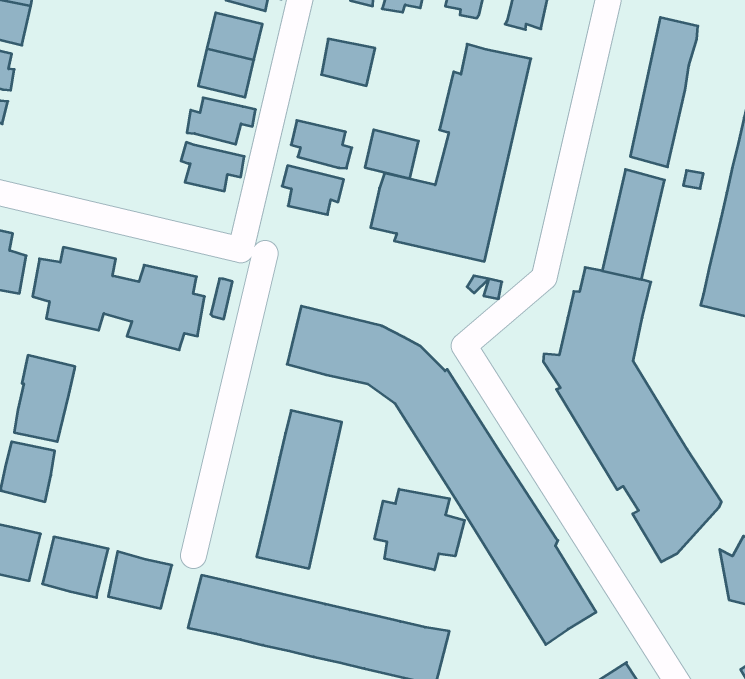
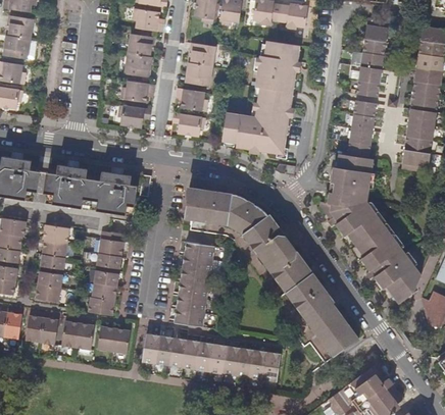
building: [365,130,419,179] -> [186,62,213,87]
building: none -> [96,235,123,268]
building: none -> [88,270,118,315]
building: [375,489,465,570] -> none

